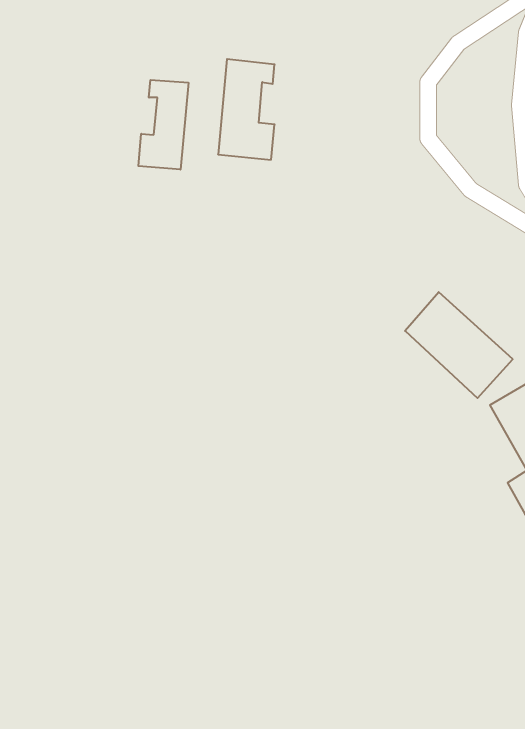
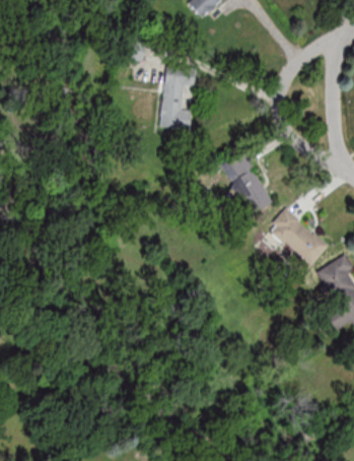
building: [138,80,188,170] -> none
building: none -> [222,152,271,214]

